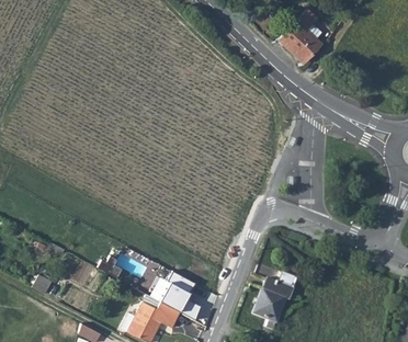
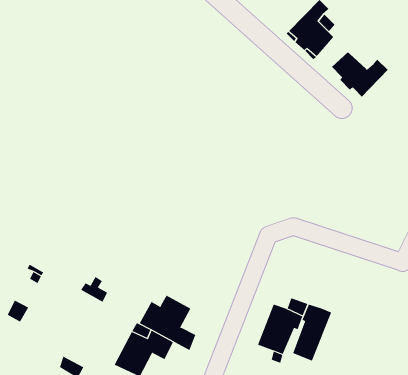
building: none -> [331,51,389,98]
building: none -> [292,304,332,362]

